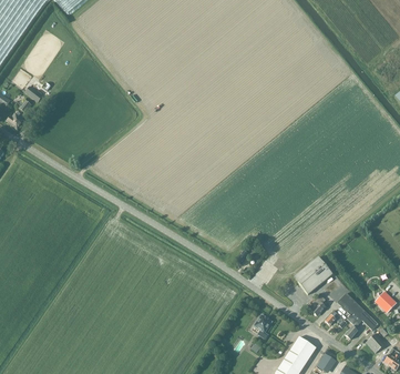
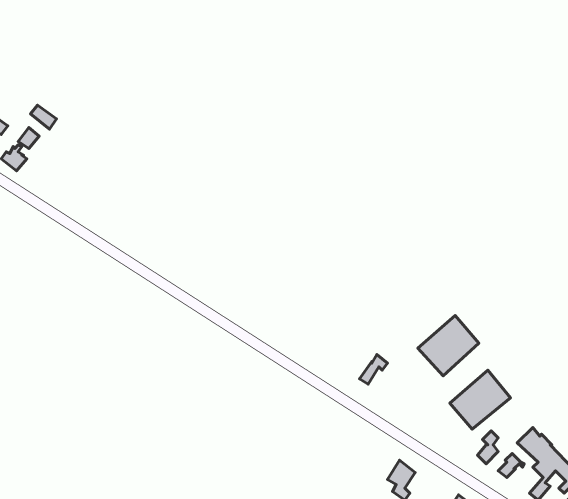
building: none -> [418,316,479,376]

